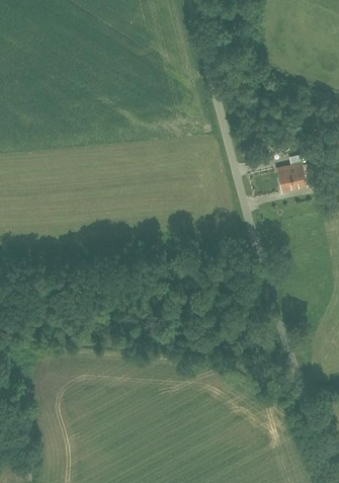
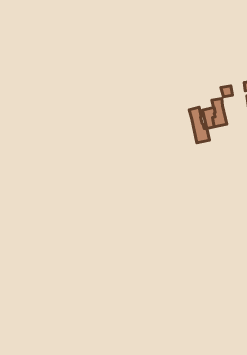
building: none -> [189,107,209,143]

